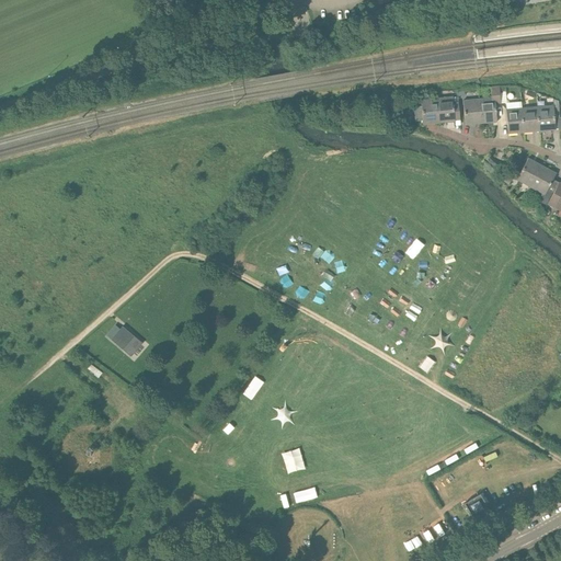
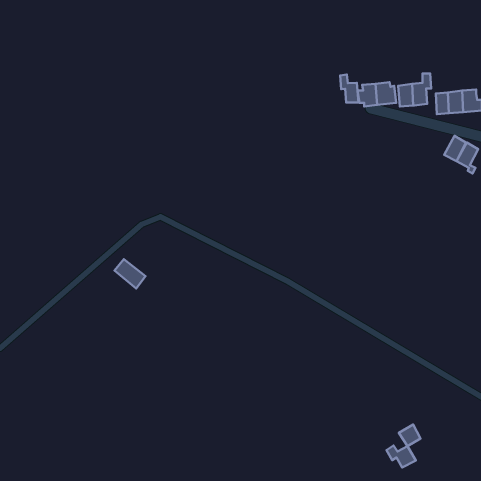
building: none -> [340,75,359,103]
building: [107,322,144,356] -> [114,259,145,288]
building: none -> [387,446,416,467]

